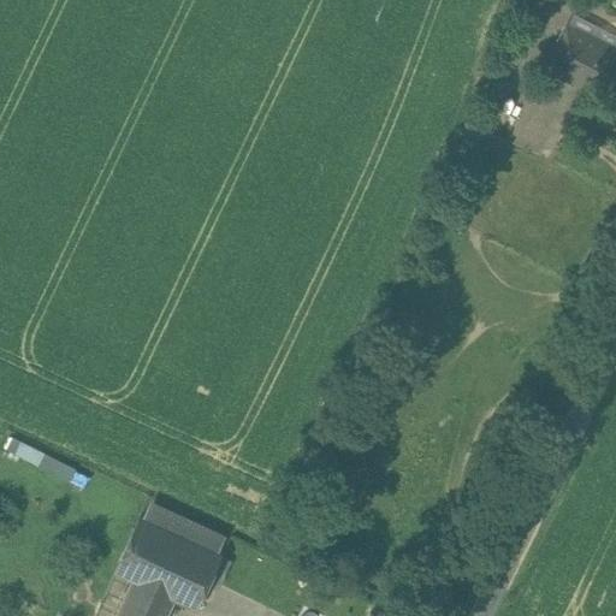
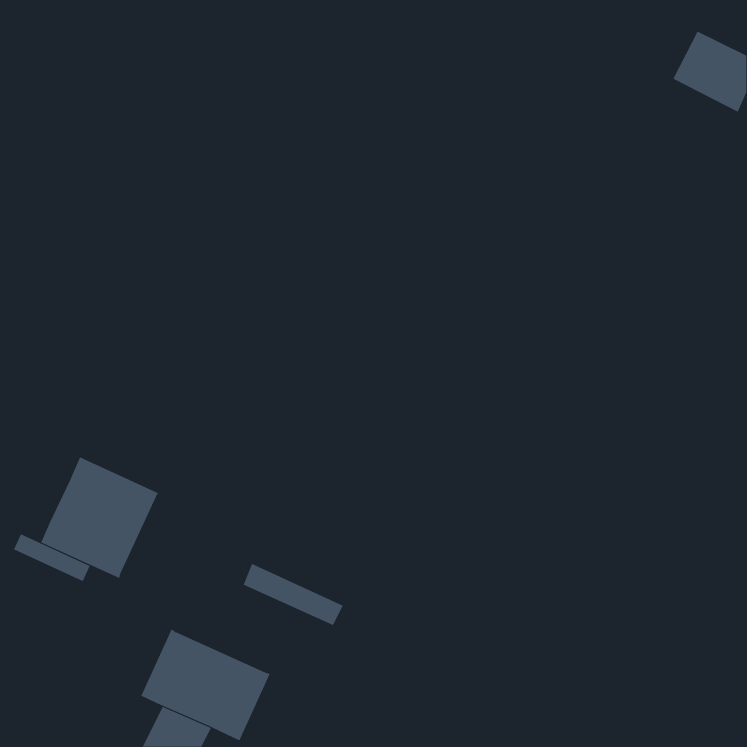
building: none -> [40,457,159,579]
building: [144,502,227,553] -> [243,563,344,626]

